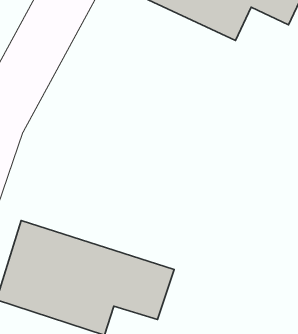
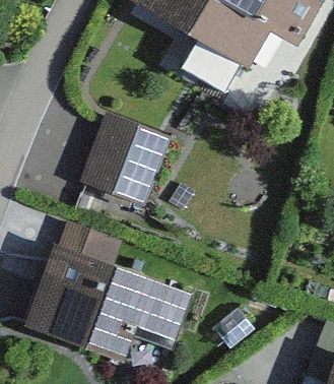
building: none -> [83,115,177,211]

